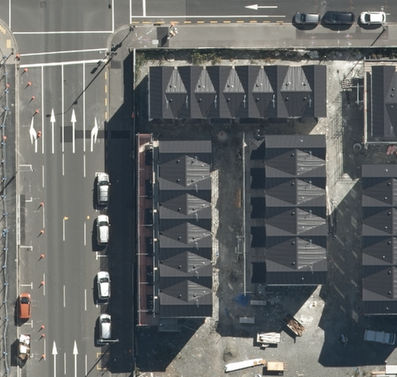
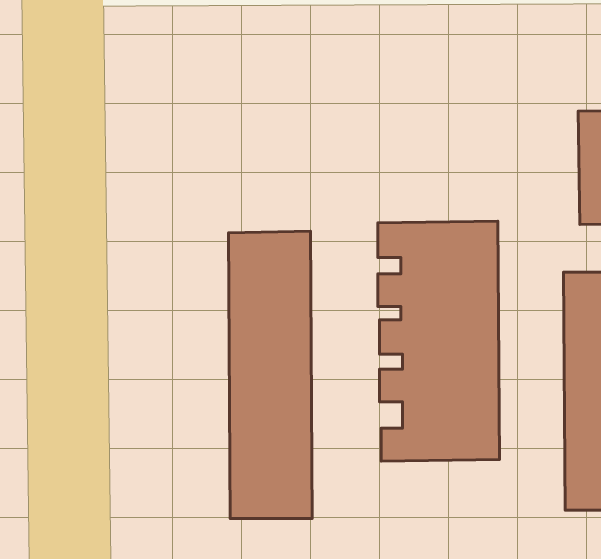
building: [148,69,321,120] -> none

